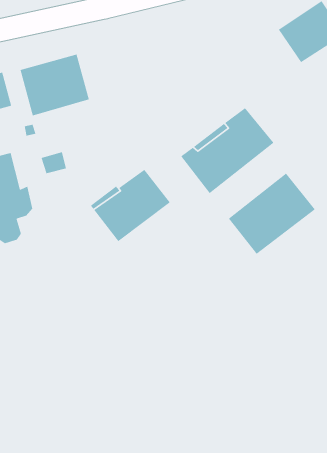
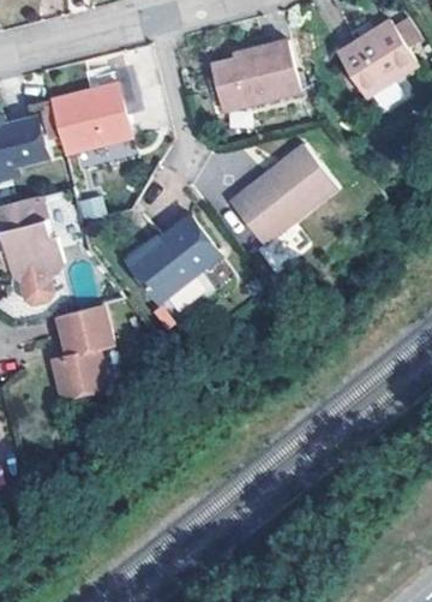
building: none -> [210,41,301,114]
building: [228,172,316,255] -> none
building: none -> [54,304,115,398]

